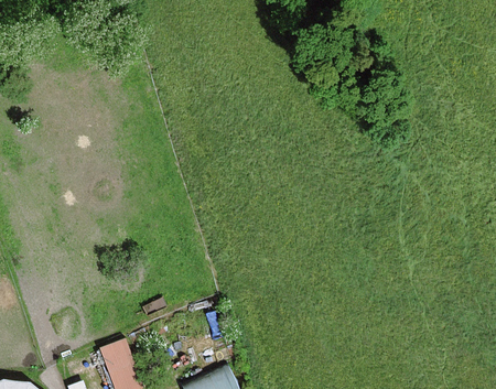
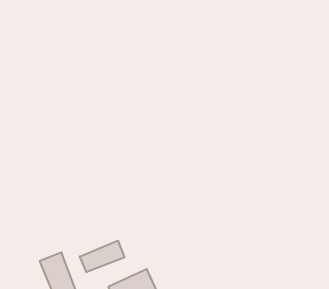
building: none -> [80,241,124,272]

